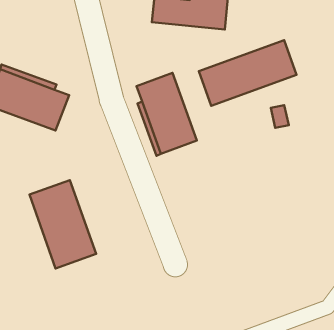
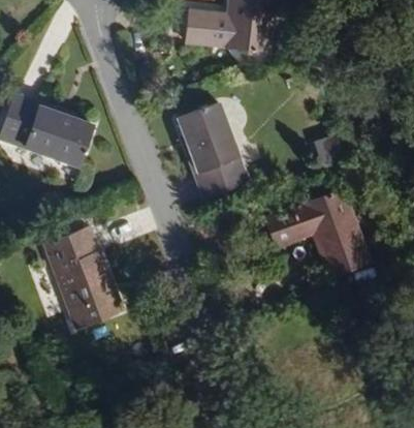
building: [199,40,297,106] -> none
building: none -> [253,191,359,278]

